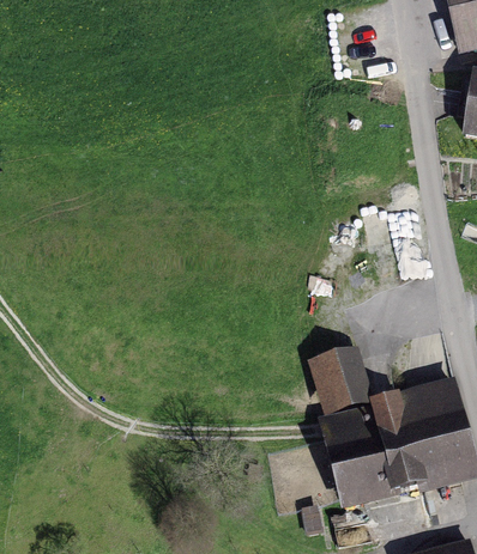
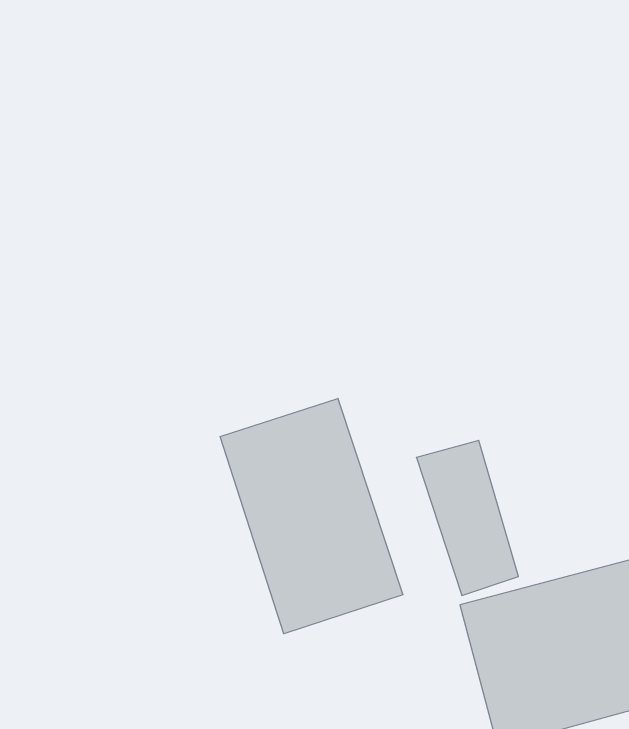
building: none -> [220,398,403,634]

